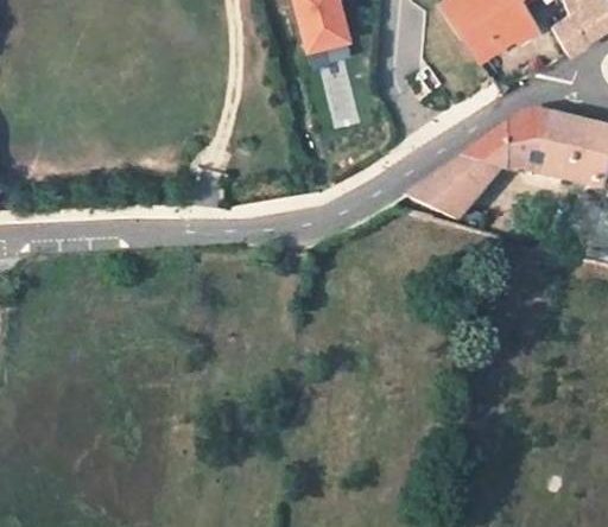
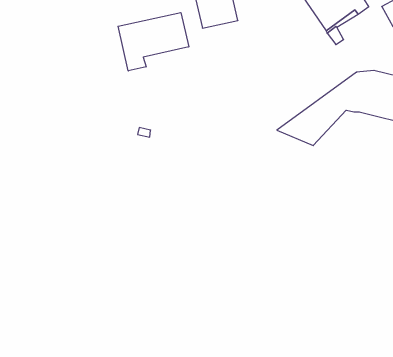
building: none -> [118,13,189,71]

